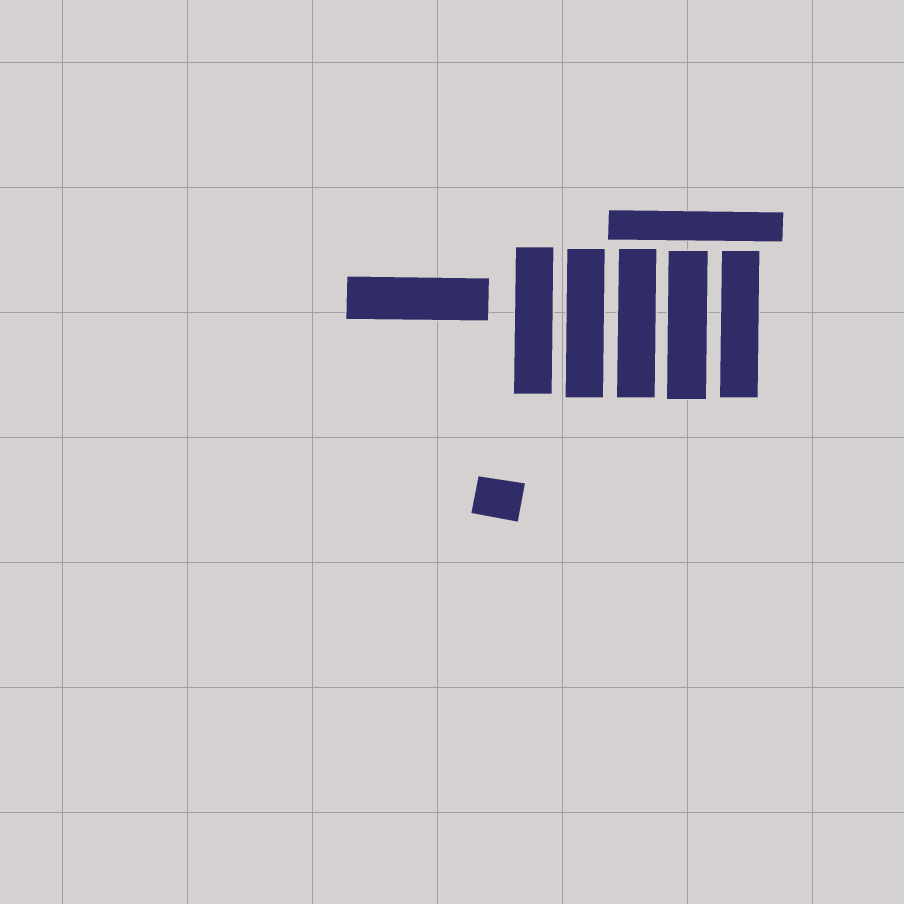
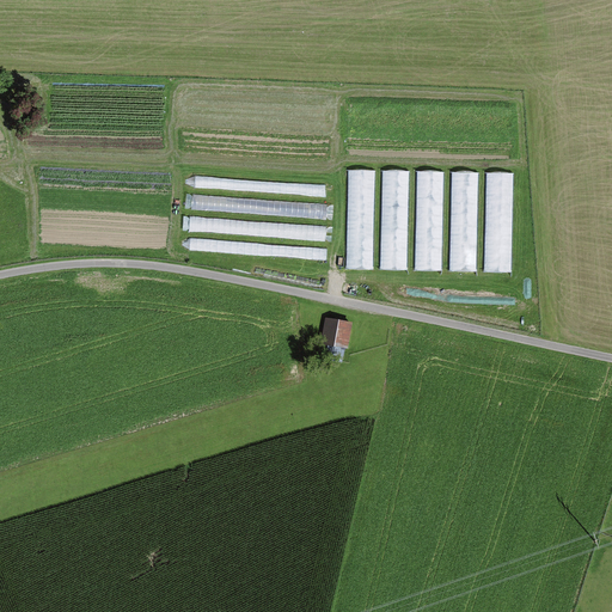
building: [608,210,784,242] -> none
building: [346,276,489,321] -> none

